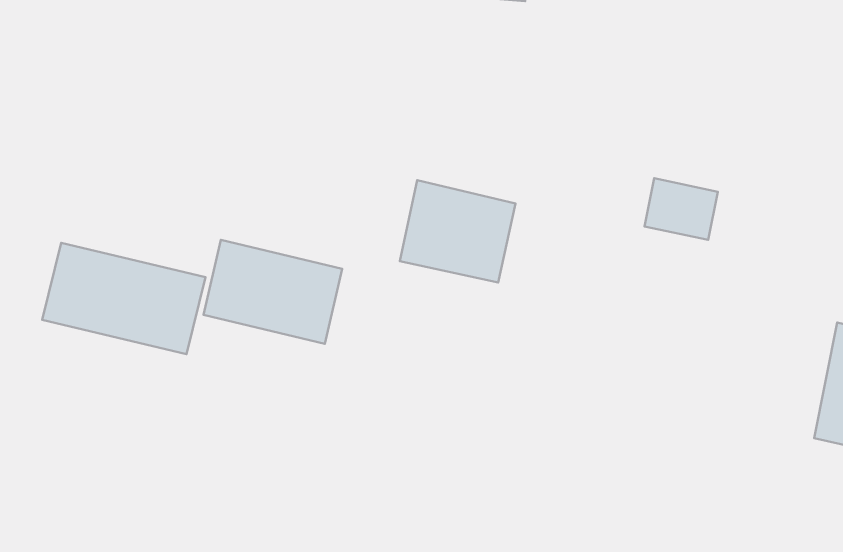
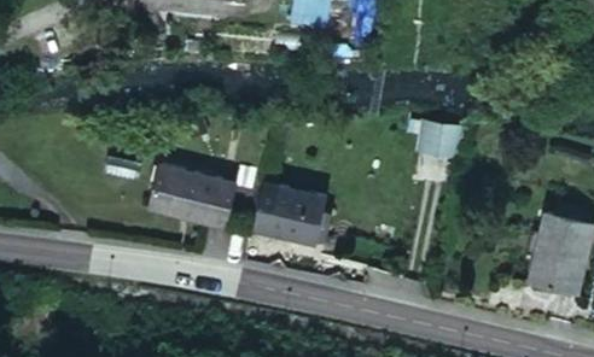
building: [400,180,515,282] -> [252,183,325,247]
building: [42,243,206,354] -> none

